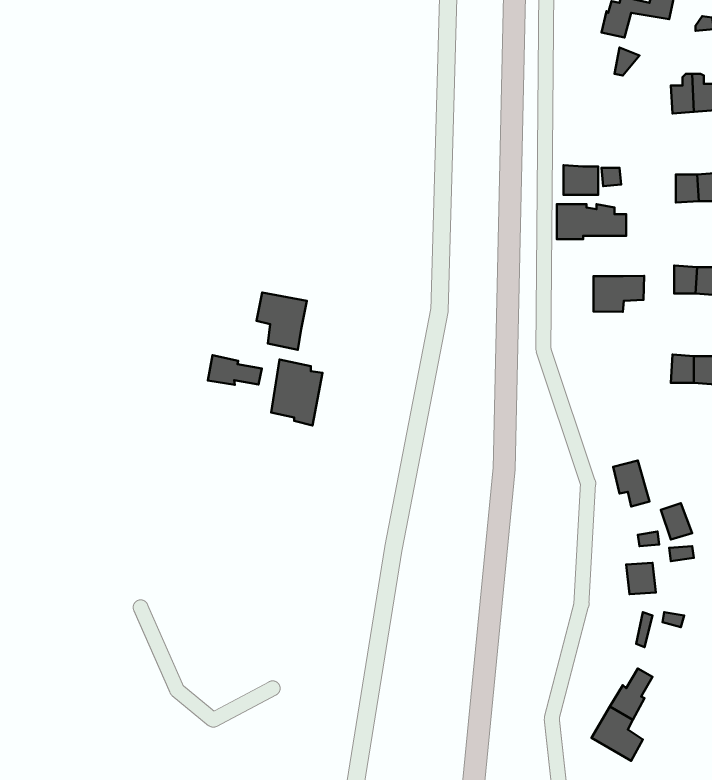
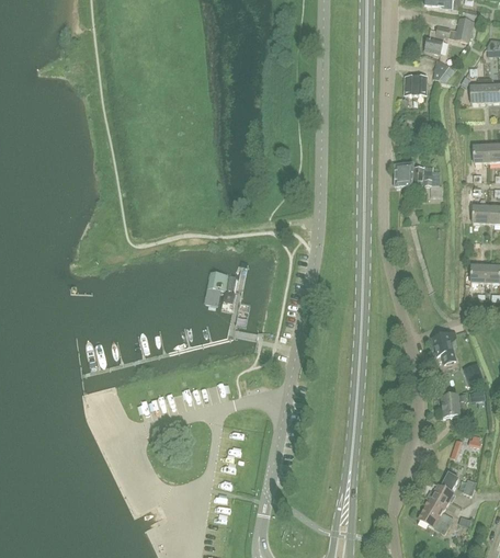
building: [563,165,598,195] -> [405,75,428,94]
building: [594,276,644,312] -> none
building: [257,292,307,350] -> none
building: [208,355,262,385] -> none

